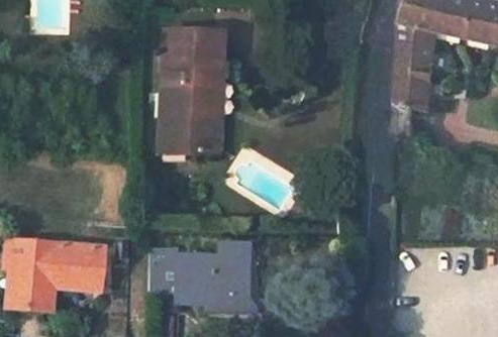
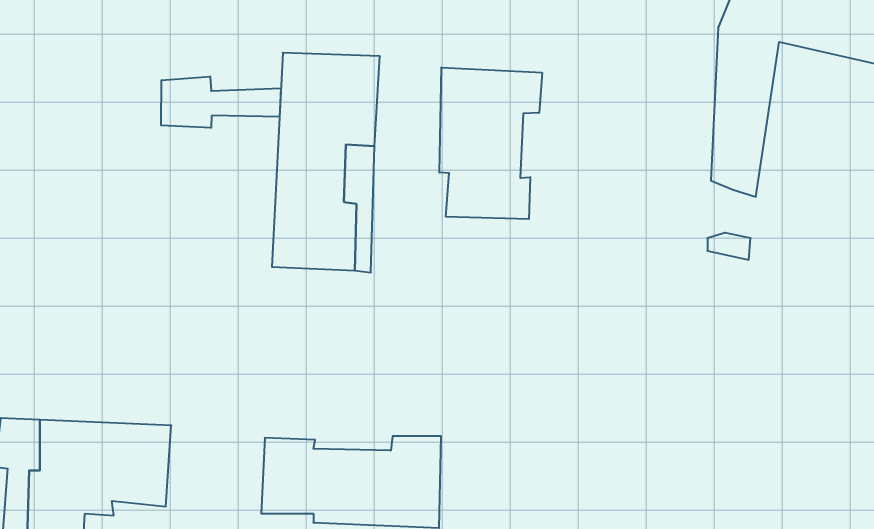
building: none -> [439,67,542,219]
building: none -> [161,76,281,128]

